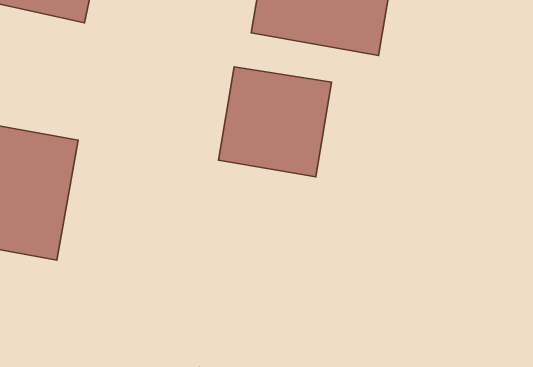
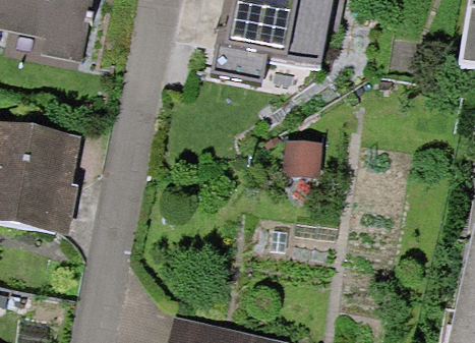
building: [218,67,332,177] -> none

